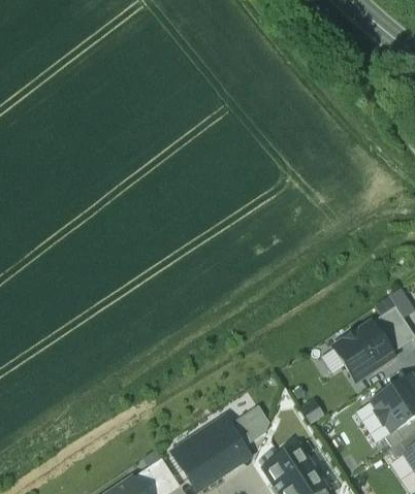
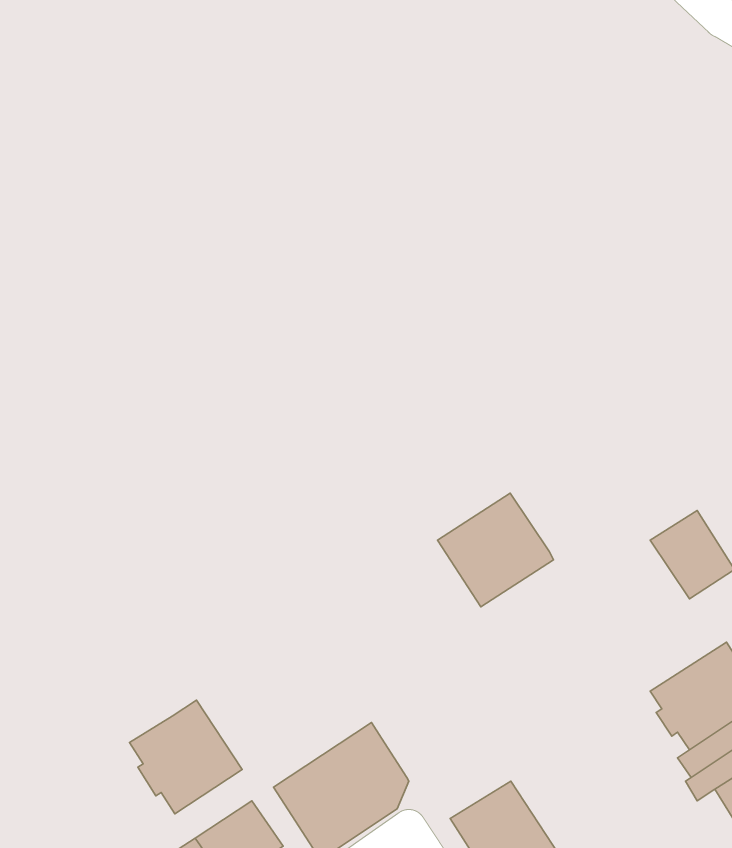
building: [332,321,393,381] -> [438,493,553,607]
building: none -> [129,700,242,814]
building: [229,405,268,446] -> none

